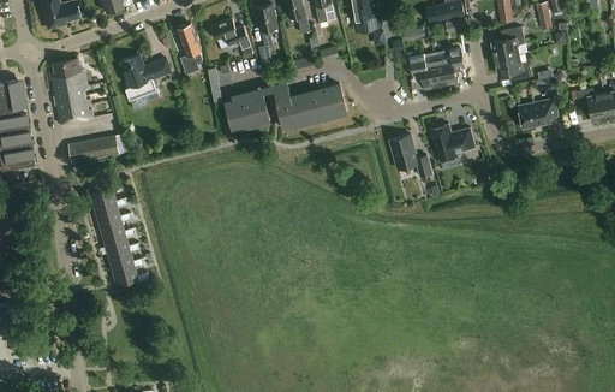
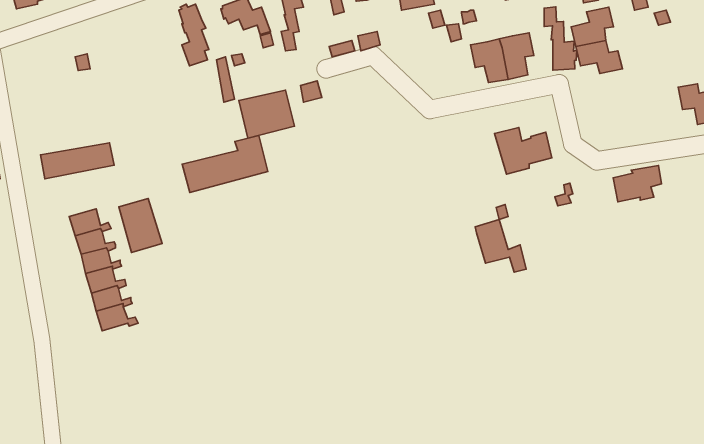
building: none -> [544,7,577,70]
building: [119,54,171,102] -> none
building: [49,59,92,124] -> none
building: [279,84,347,130] -> [182,135,268,193]
building: [519,99,557,127] -> [613,166,661,202]
building: [390,135,431,177] -> [475,219,526,272]
building: none -> [119,199,162,253]

